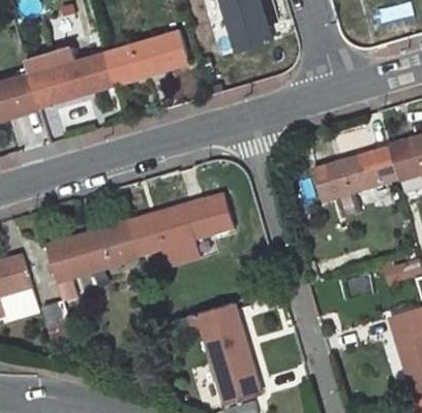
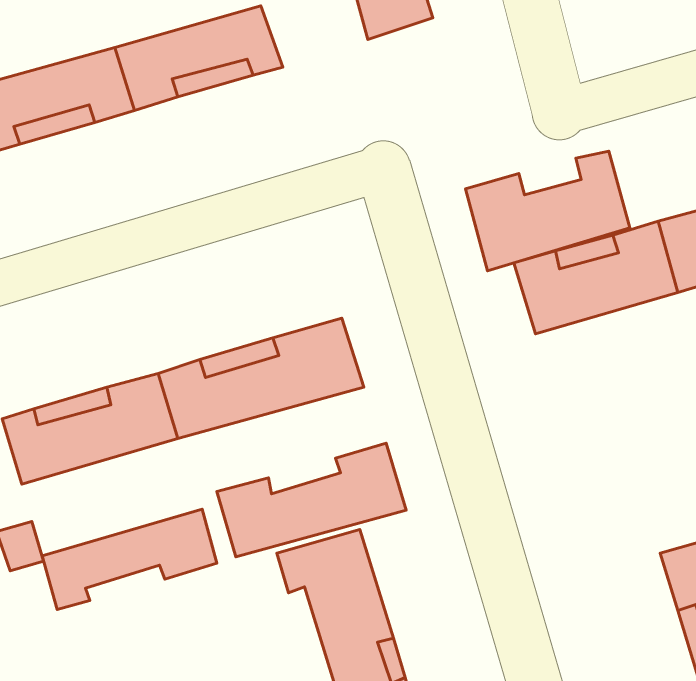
building: none -> [466,151,630,271]
building: none -> [217,443,406,557]
building: none -> [42,509,217,610]

